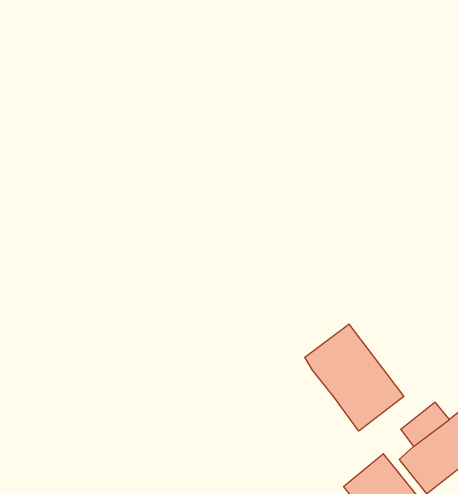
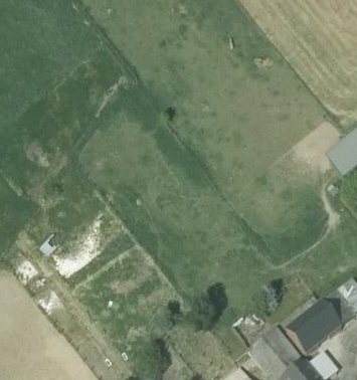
building: [305,324,404,431] -> none

